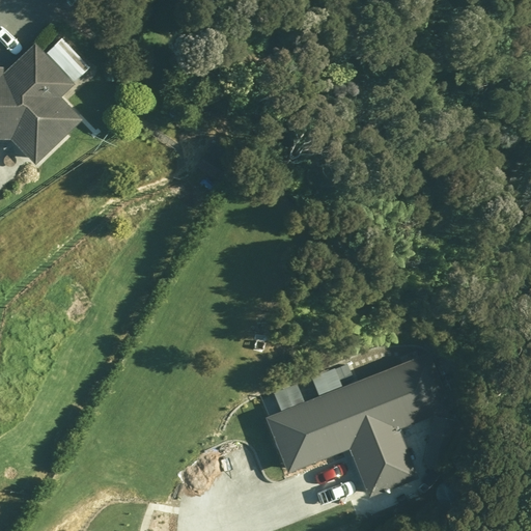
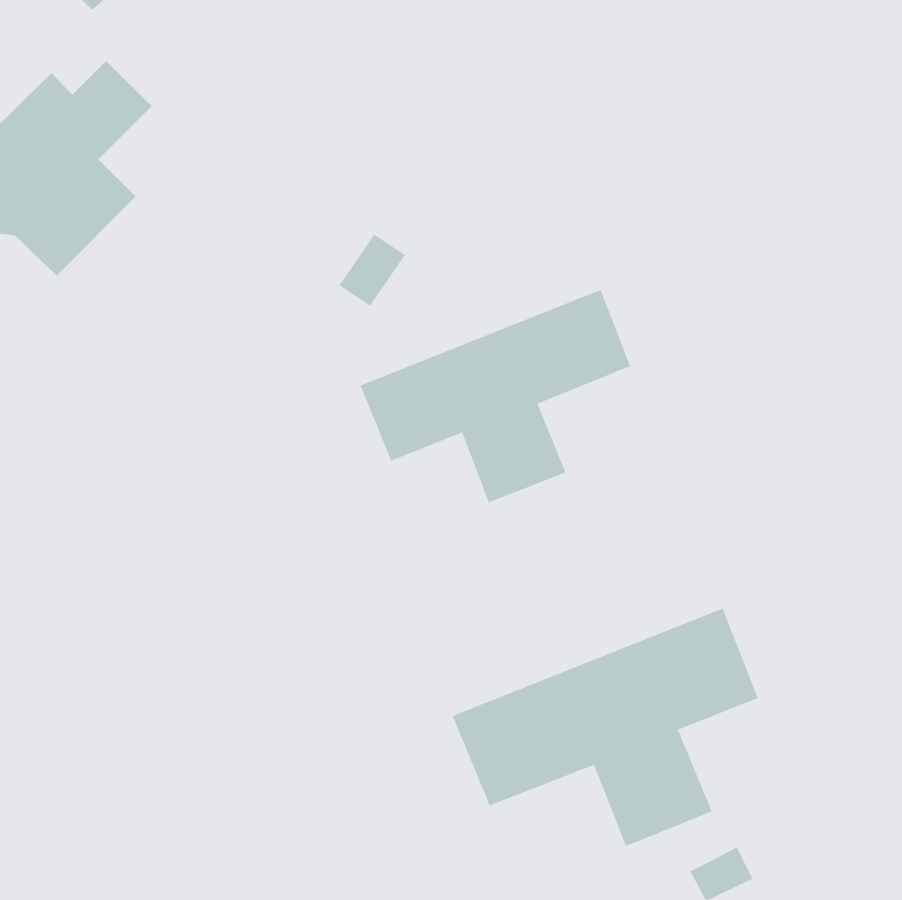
building: none -> [360,289,631,503]

